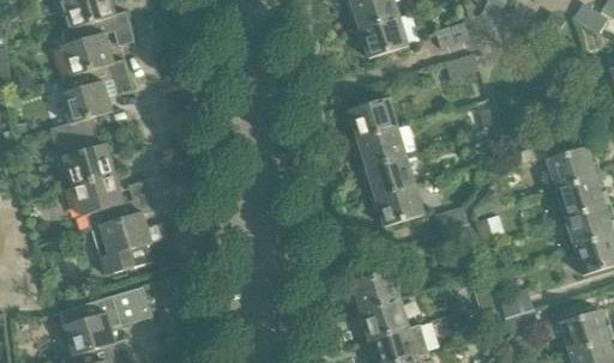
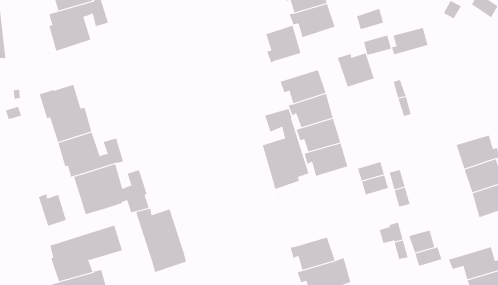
building: none -> [265,25,301,63]
building: none -> [391,27,428,55]
building: [60,58,133,122] -> none
building: none -> [337,52,375,87]
building: [543,134,602,188] -> none
building: none -> [262,108,309,202]
building: none -> [38,194,66,227]
building: none -> [136,208,186,273]
building: [347,270,401,311] -> none

